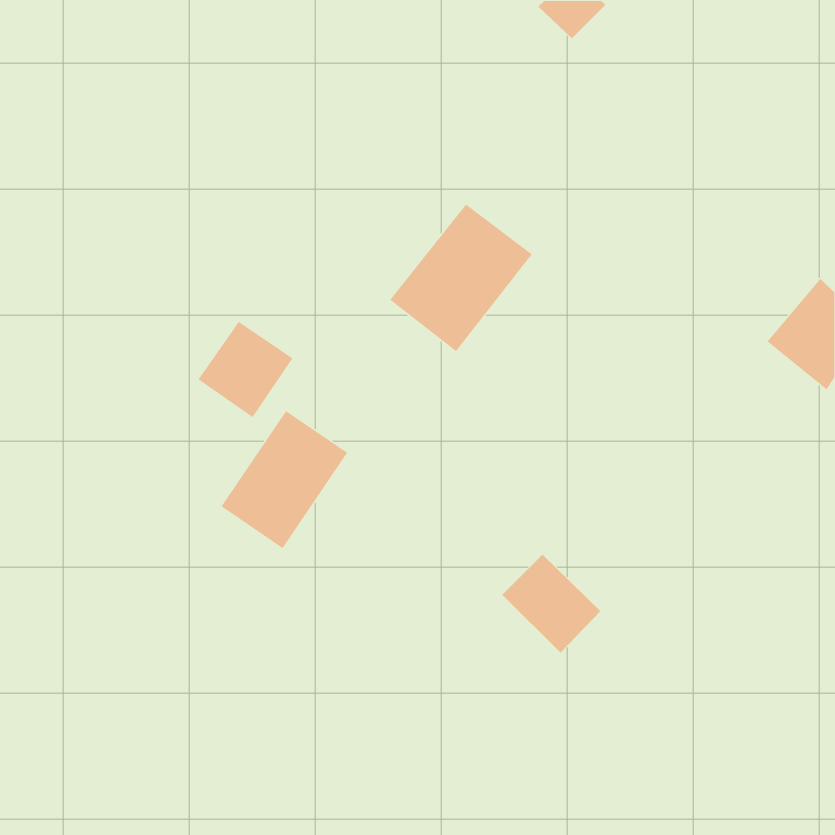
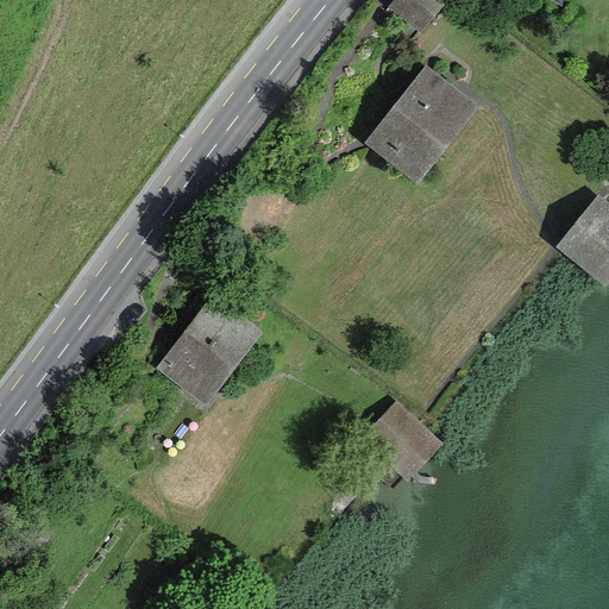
building: [389,204,533,352] -> [368,69,472,177]
building: [197,321,294,418] -> none

